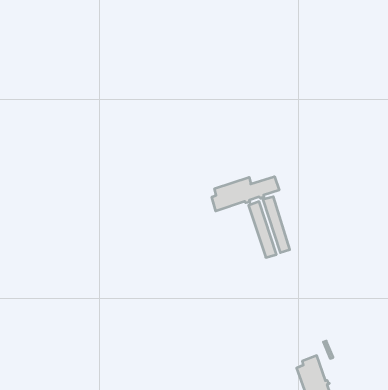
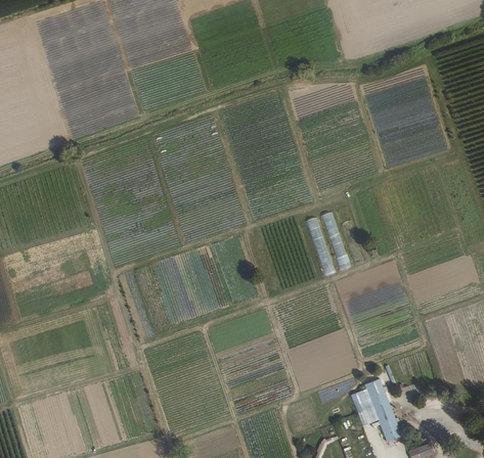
building: [212,177,279,211] -> none

